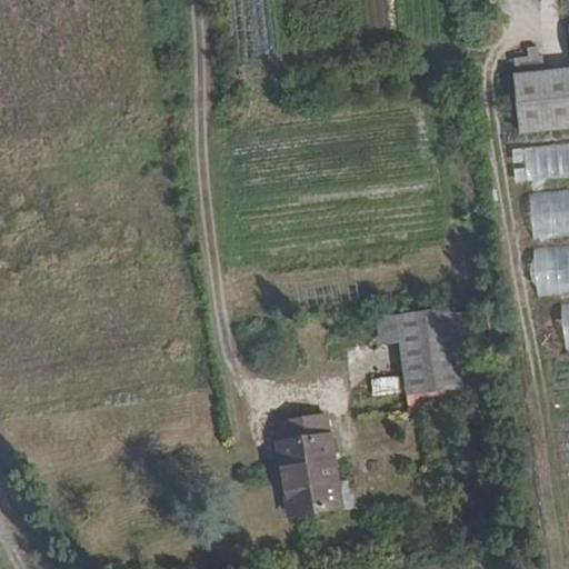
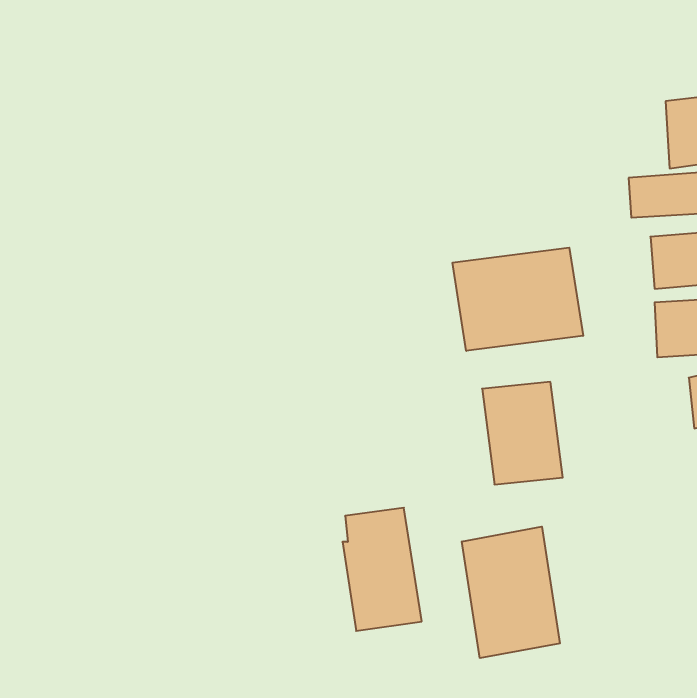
building: [512,67,546,140] -> none
building: none -> [453,248,583,351]
building: none -> [462,527,560,658]

